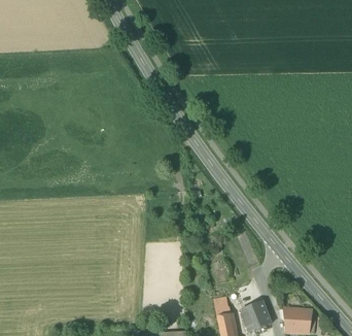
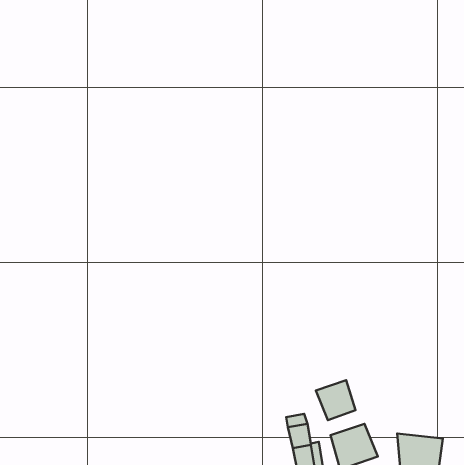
building: none -> [316,380,355,420]

